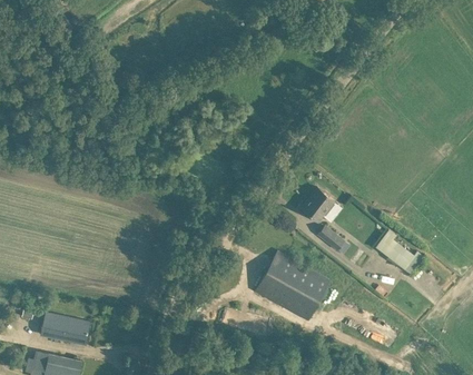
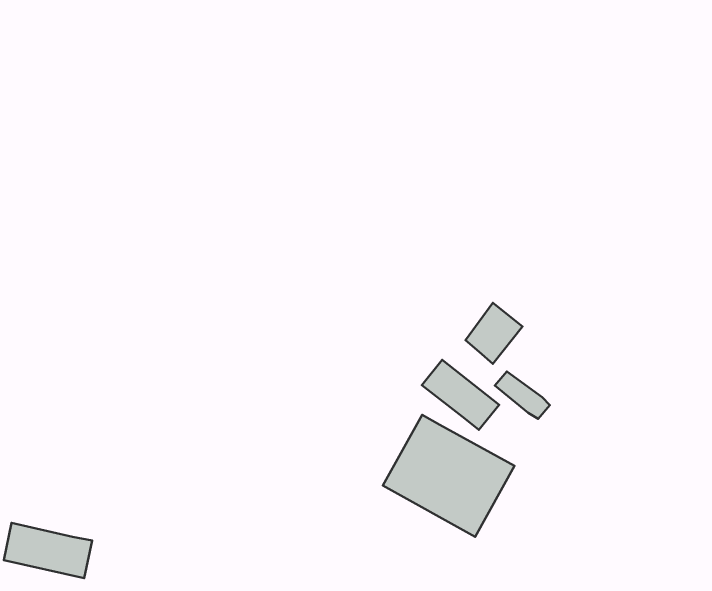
building: none -> [422,360,499,430]
building: [383,239,415,268] -> none

